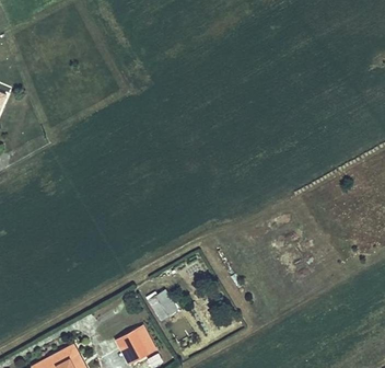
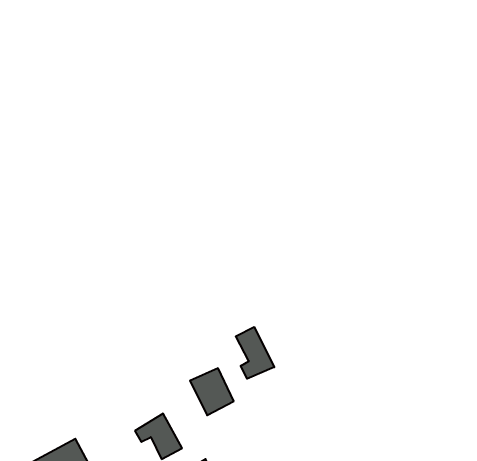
building: none -> [236,327,274,379]

